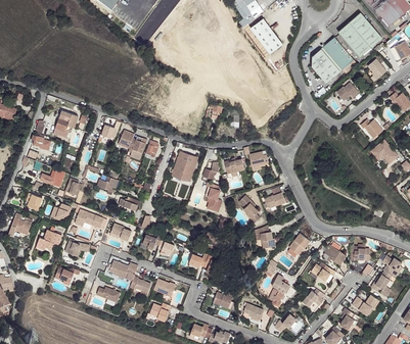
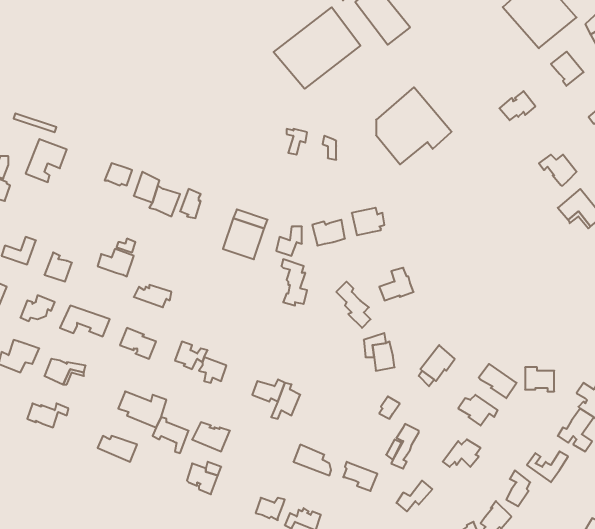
building: none -> [274,7,360,89]
building: [312,37,357,83] -> [376,87,452,164]

